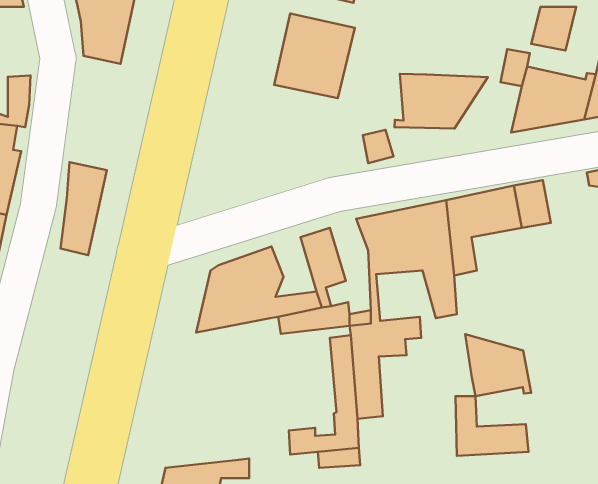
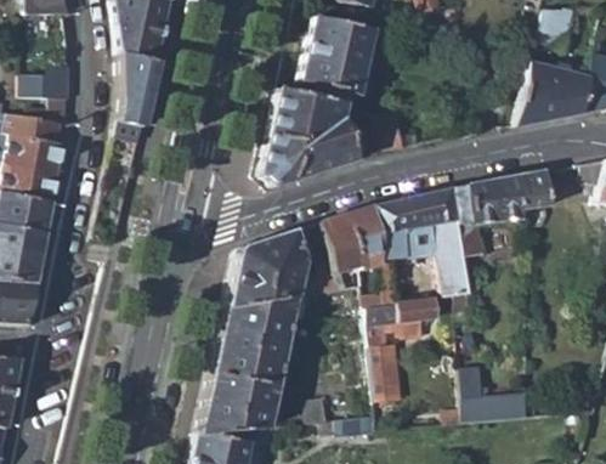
building: [394,74,488,128] -> none
building: none -> [257,89,378,186]
building: [60,162,107,255] -> [117,55,159,140]
building: none -> [351,204,387,265]
building: none -> [200,295,296,432]
building: [465,334,531,396] -> none

